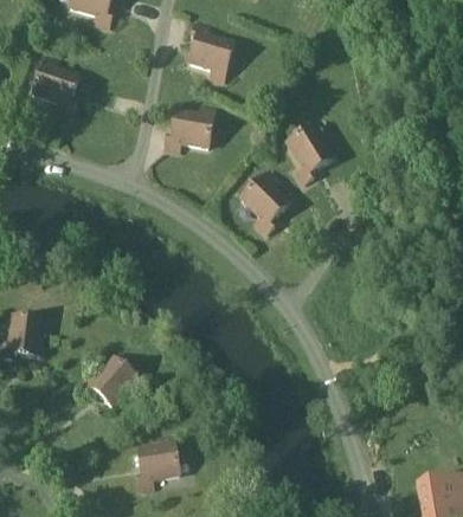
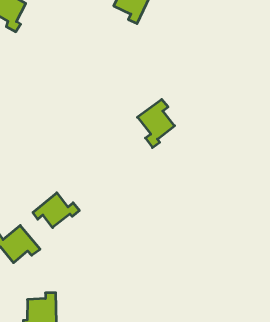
building: [163,106,213,149] -> none
building: [287,121,333,182] -> none
building: none -> [33,193,79,228]

